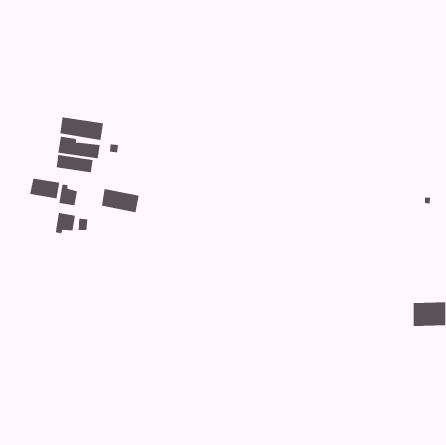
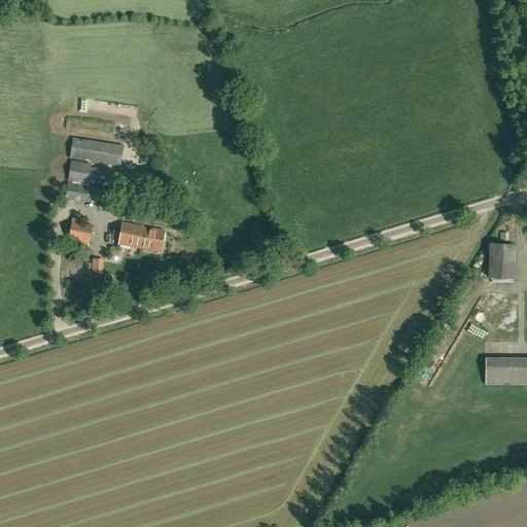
building: [30,178,60,199] -> none
building: none -> [489,243,515,278]
building: [55,212,75,234] -> none

